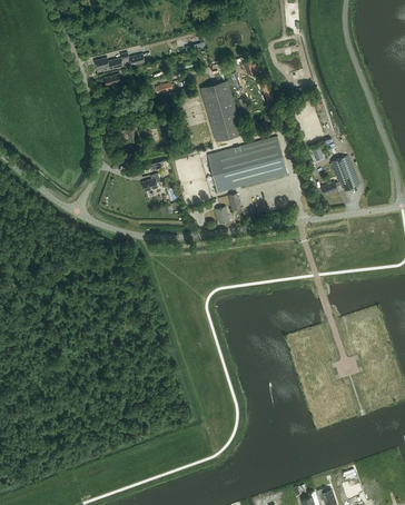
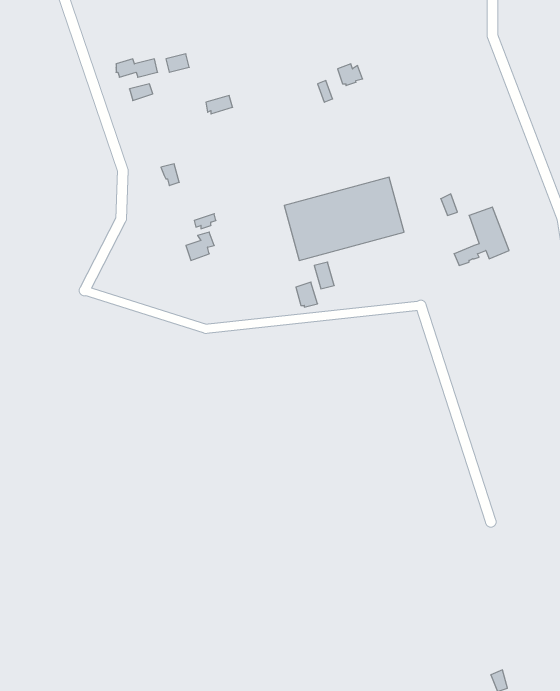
building: [200,80,244,142] -> none

